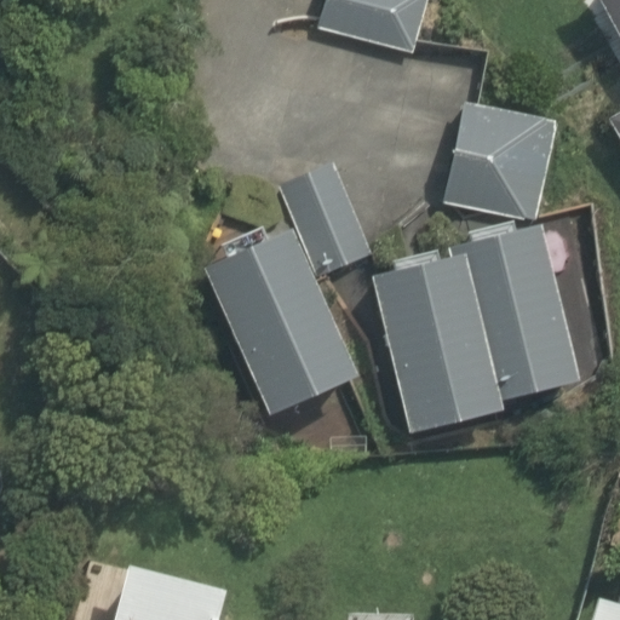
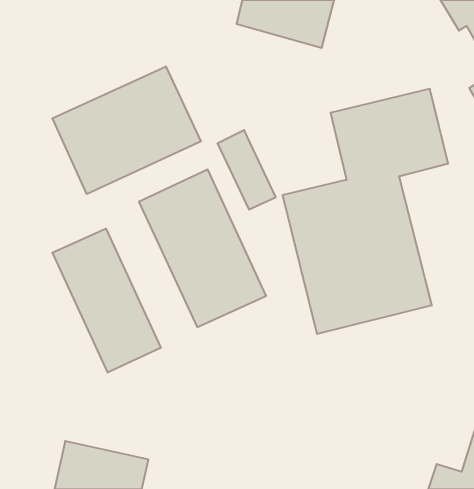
building: none -> [52,66,201,194]
building: none -> [52,229,161,373]

